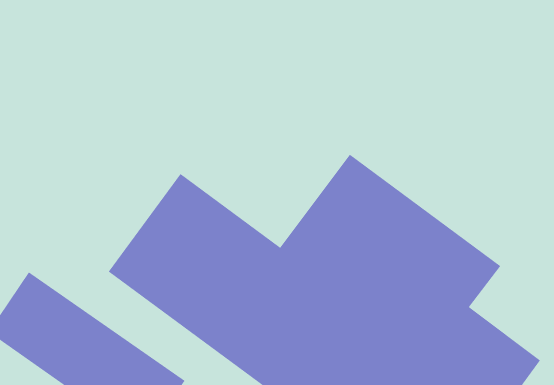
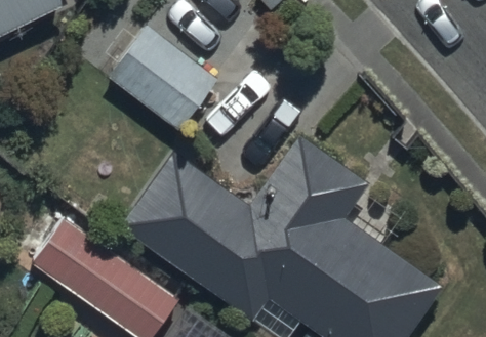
building: none -> [105,25,218,134]

